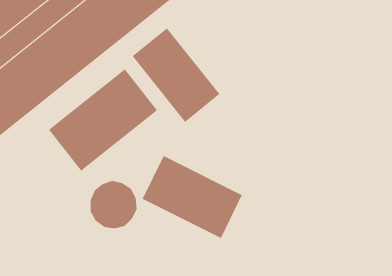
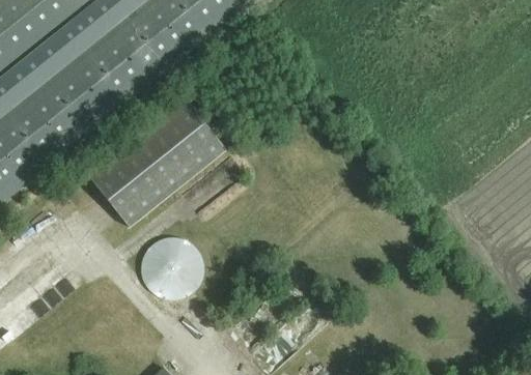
building: [132,27,220,123] -> none
building: [142,155,243,239] -> none

